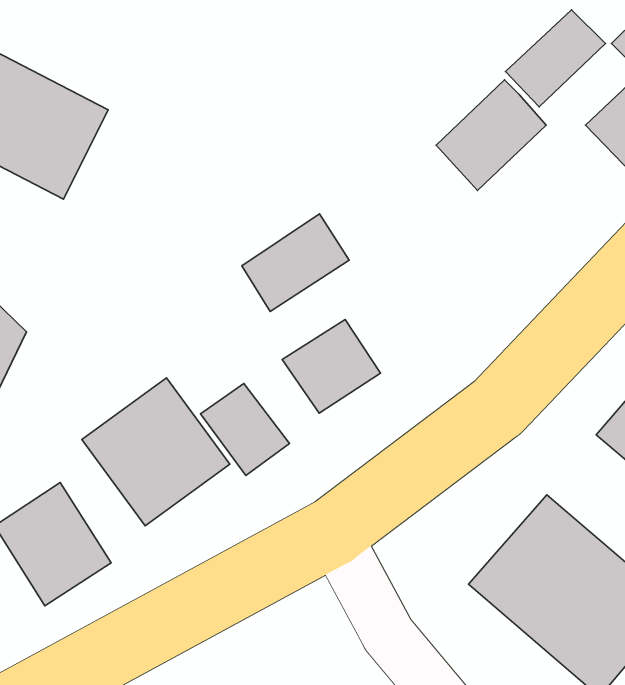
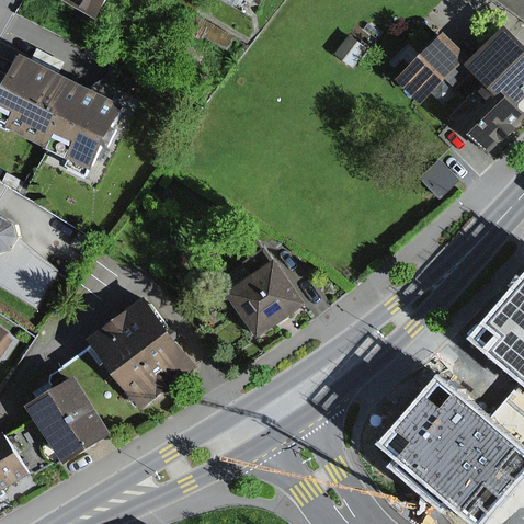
building: [436,80,546,190] -> none
building: [242,214,349,311] -> none
building: [201,383,289,476] -> none

